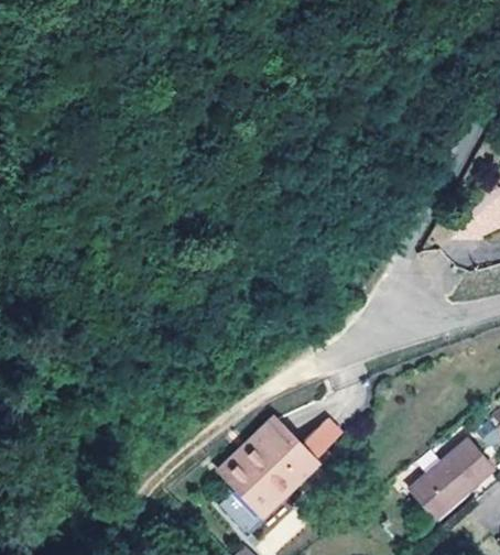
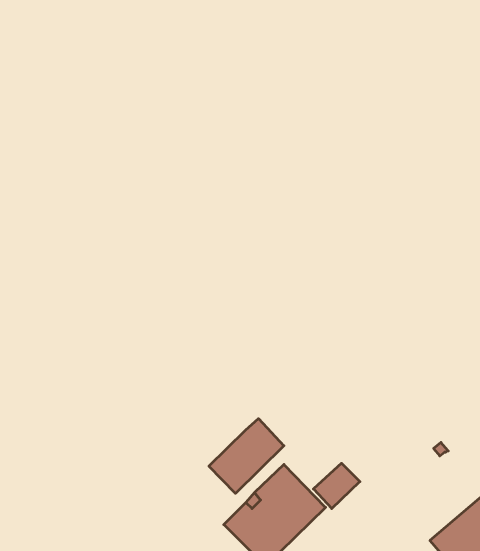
building: none -> [209,419,284,493]

